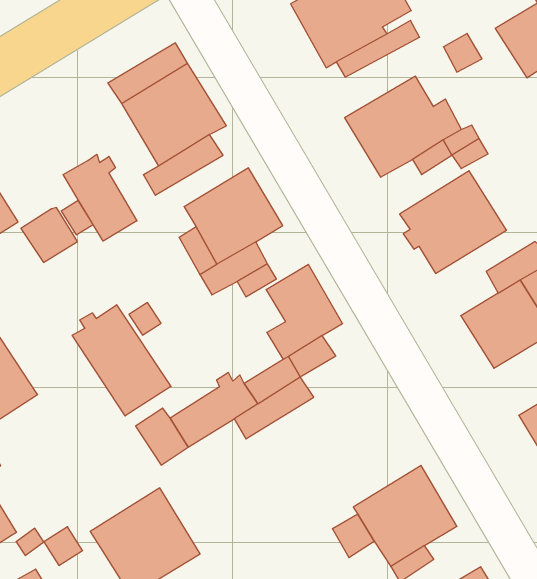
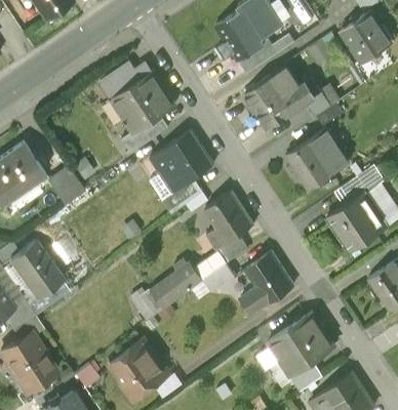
building: [63,154,137,241] -> none
building: [72,305,171,416] -> none
building: none -> [238,251,294,317]

